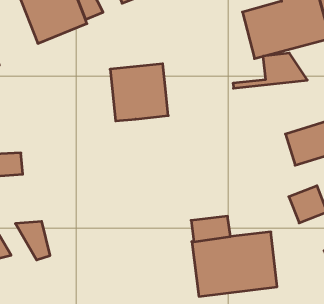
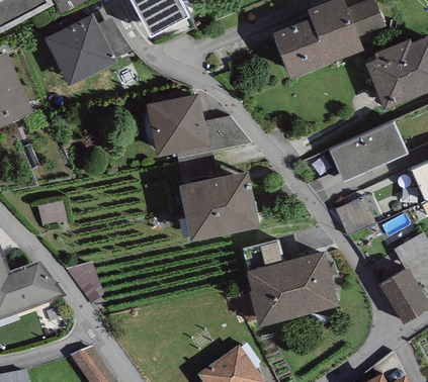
building: [233,53,307,88] -> [176,113,251,155]
building: none -> [178,169,258,237]

